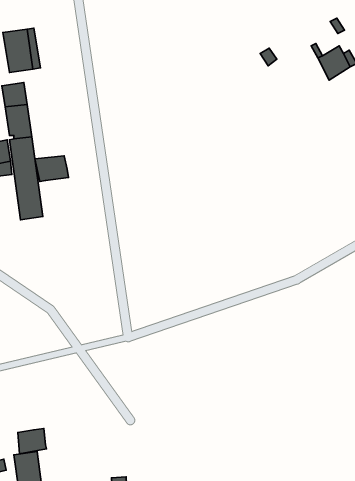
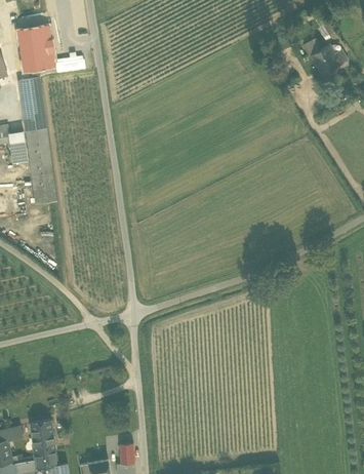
building: [35,156,68,181] -> none
building: [18,428,46,454] -> none

